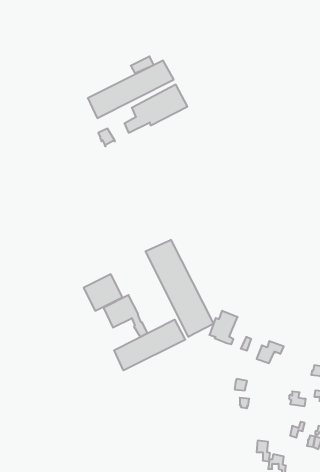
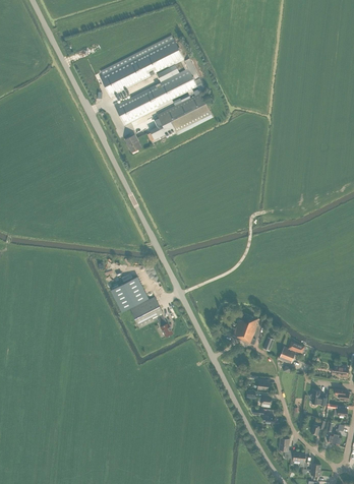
building: none -> [100,40,182,95]
building: [146,240,214,337] -> none
building: [114,320,185,370] -> none

